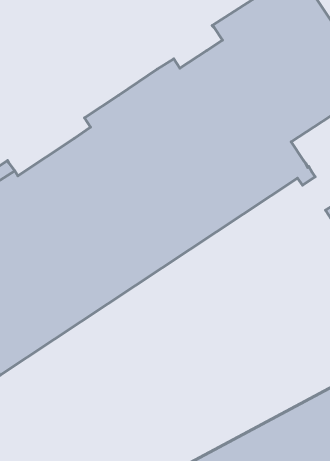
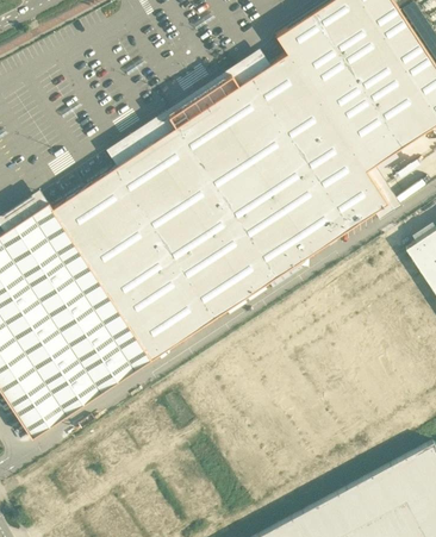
building: none -> [106,50,269,166]

